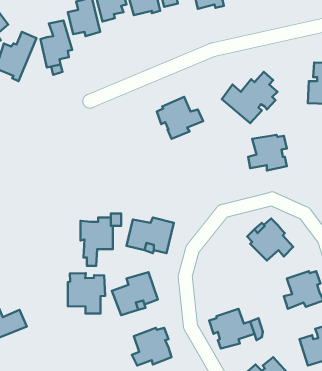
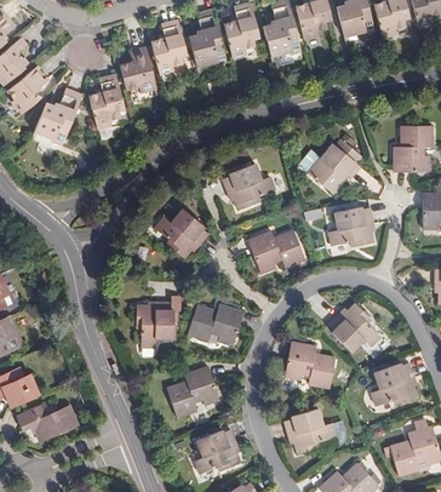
building: none -> [153,207,206,258]
building: none -> [246,229,303,273]
building: none -> [284,342,334,388]
building: [68,273,105,313] -> none

